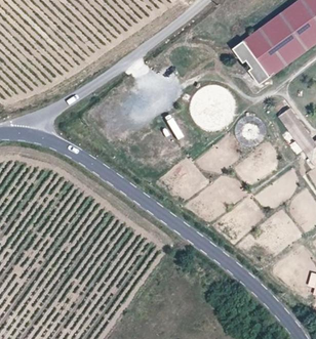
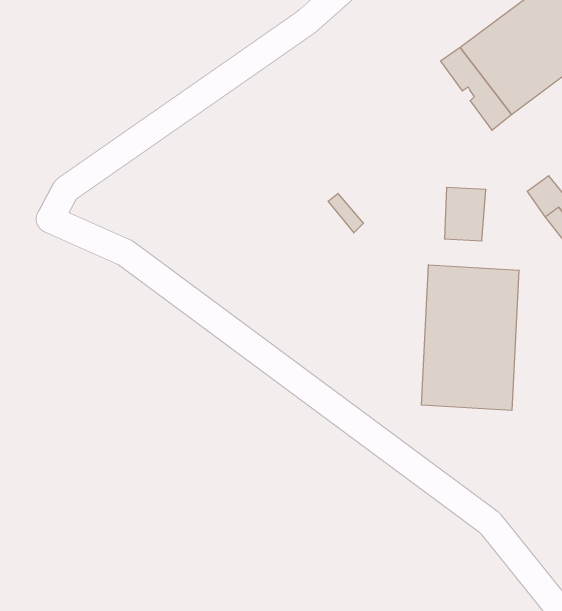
building: none -> [421,265,519,410]

